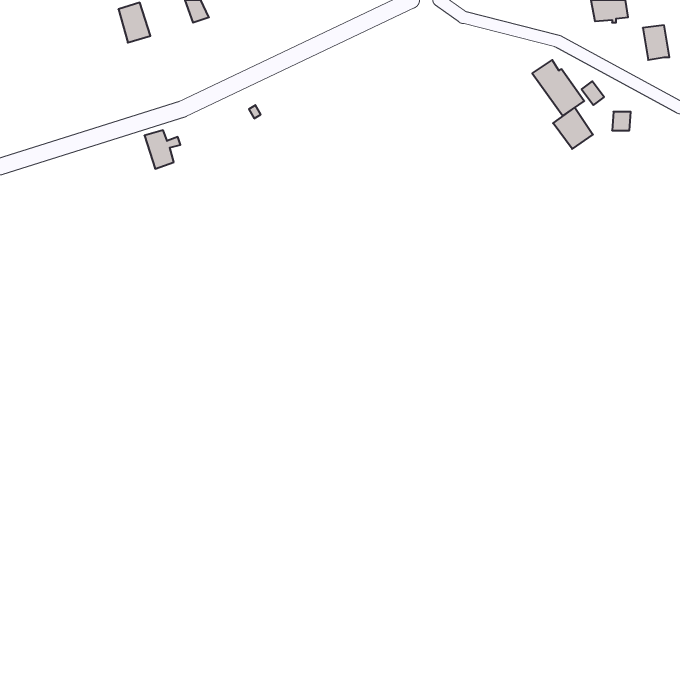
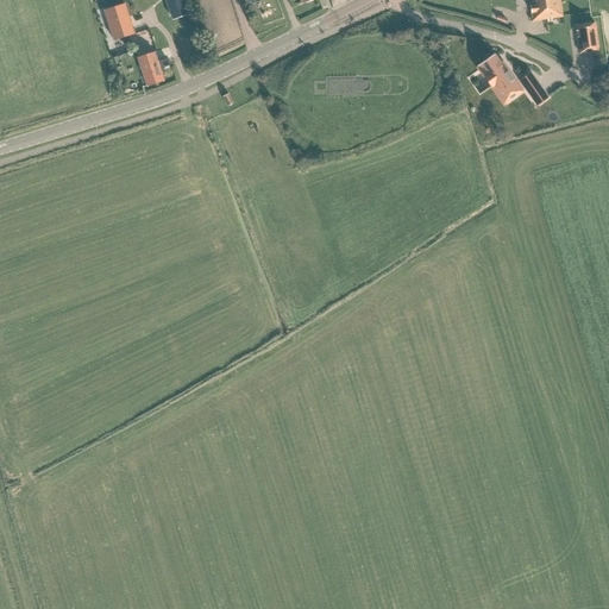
building: [553,108,593,149] -> none
building: [144,130,180,169] -> [137,52,169,87]

